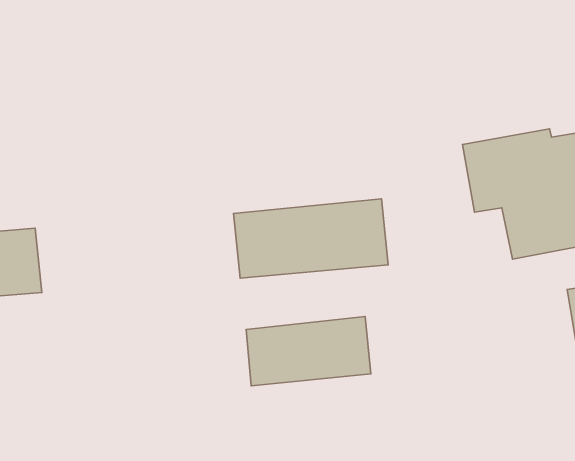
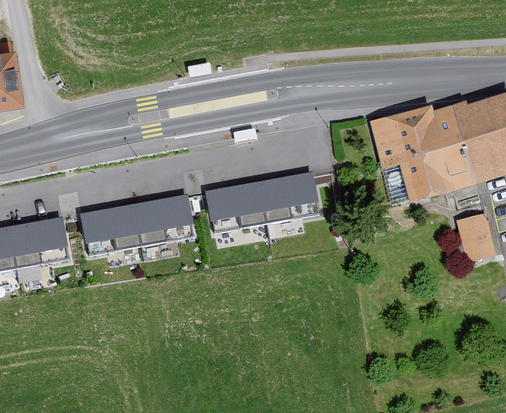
building: none -> [78,188,195,255]
building: [246,317,371,386] -> none

